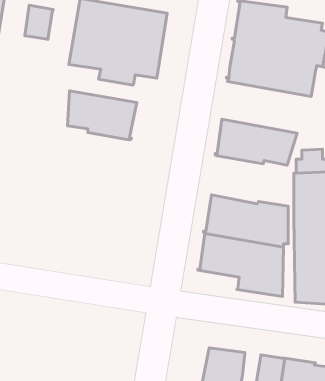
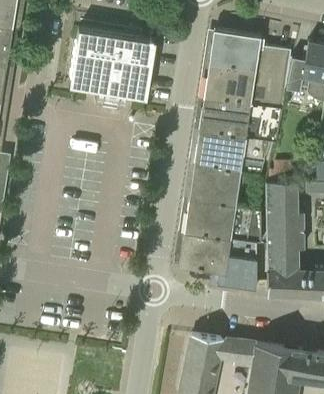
building: [25,5,53,40] -> none
building: none -> [201,102,280,147]
building: [67,91,137,140] -> none
building: none -> [191,167,238,209]

